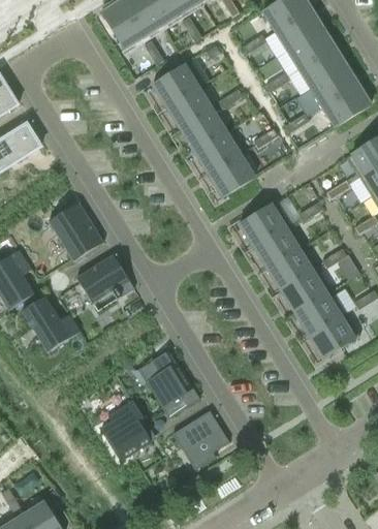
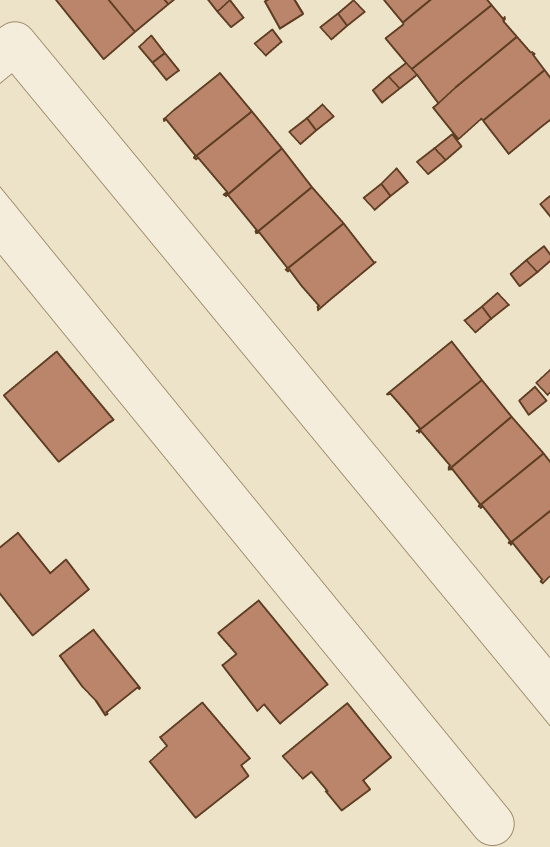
building: [239,201,290,248] -> none
building: [75,254,134,304] -> none
building: none -> [60,630,140,715]

